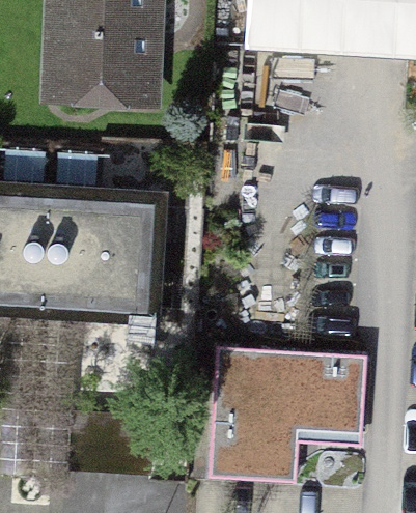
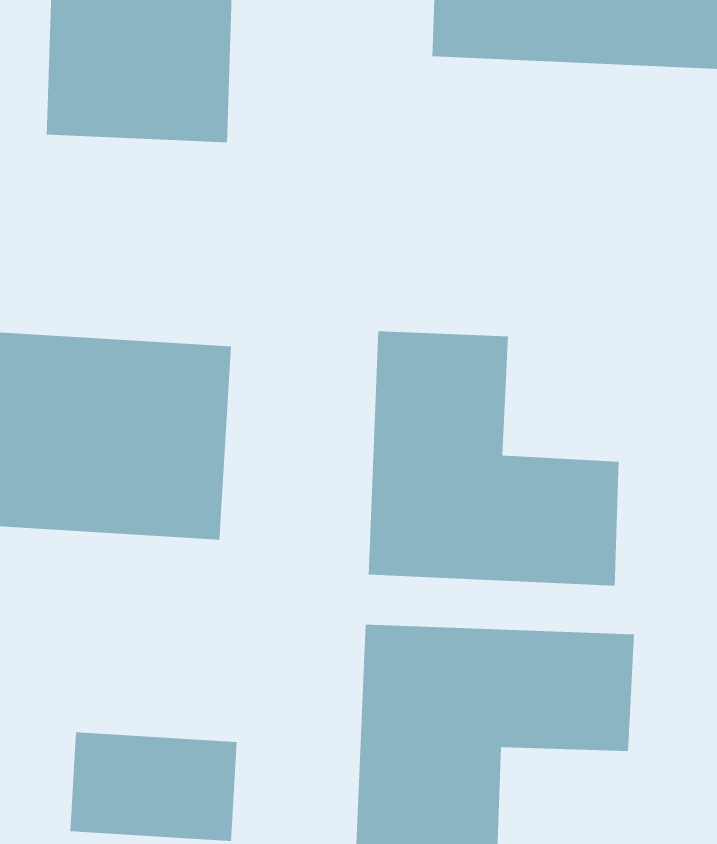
building: none -> [368,330,619,587]

